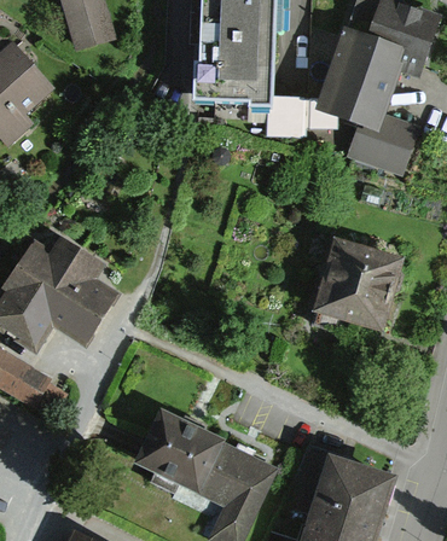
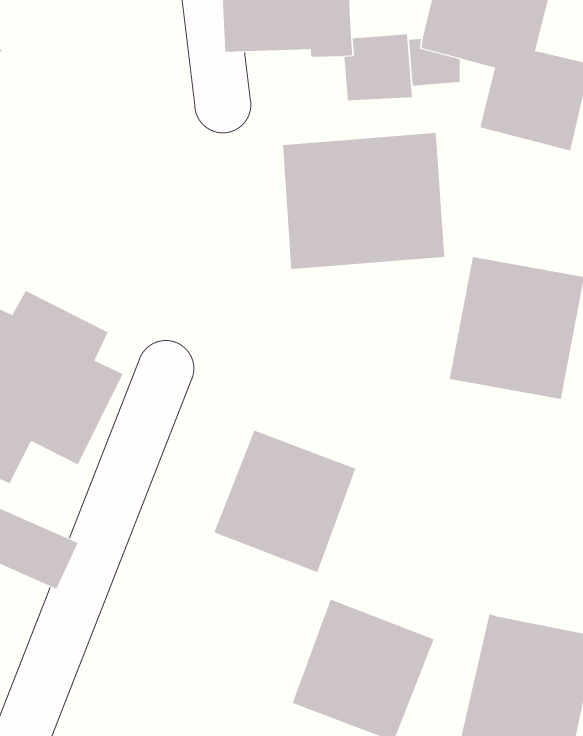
building: none -> [282,132,445,270]
building: [139,413,231,505] -> [213,430,356,573]

